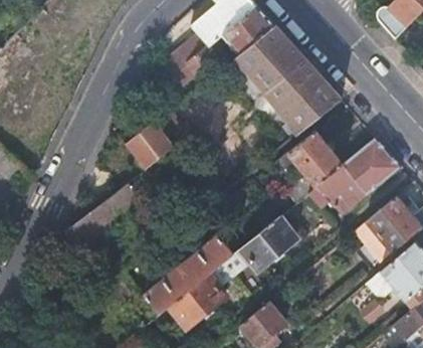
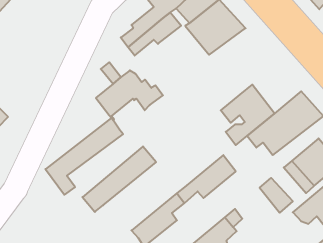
building: [263,61,342,135] -> none
building: [144,235,233,315] -> [82,146,156,212]
building: none -> [260,178,293,213]

